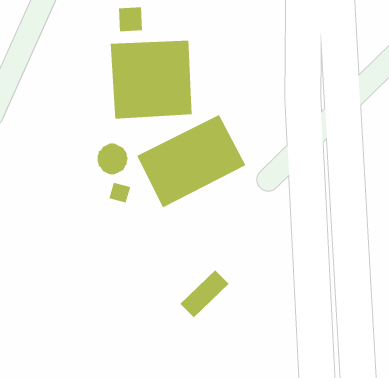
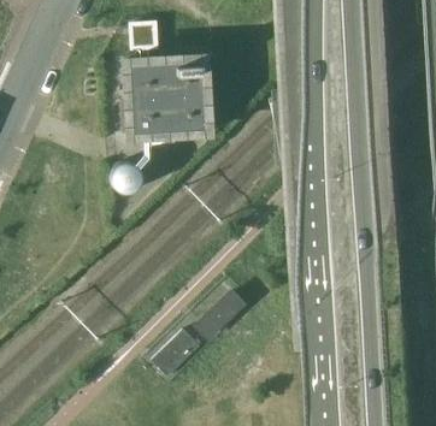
building: [137,114,246,208] -> none
building: none -> [152,330,199,377]

